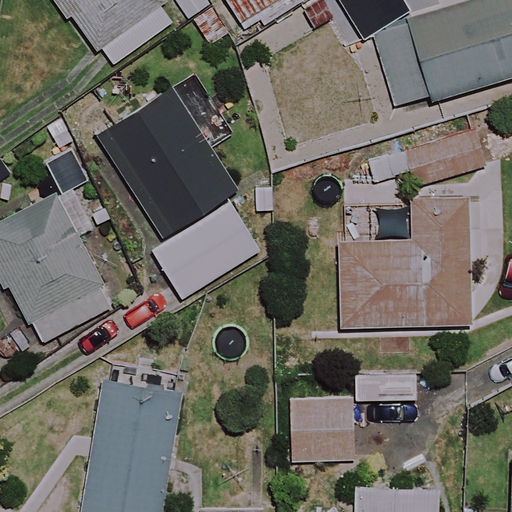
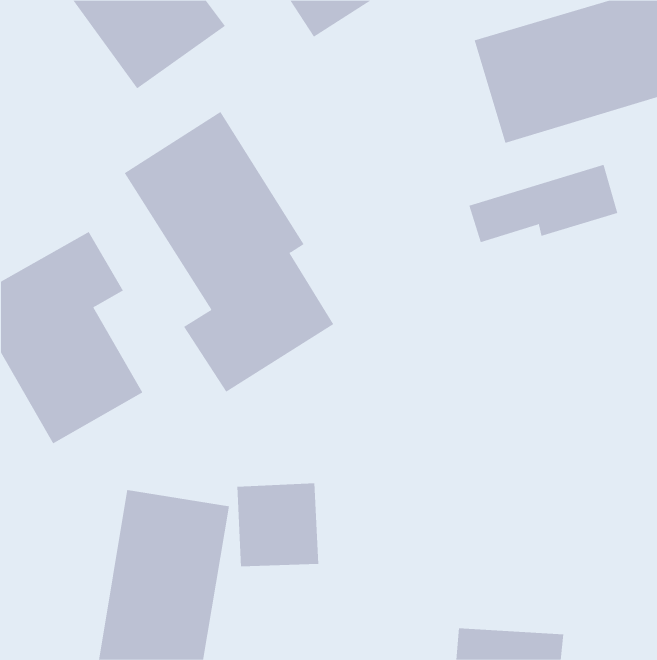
building: [339,201,469,326] -> none
building: [290,396,354,461] -> [236,483,319,567]

